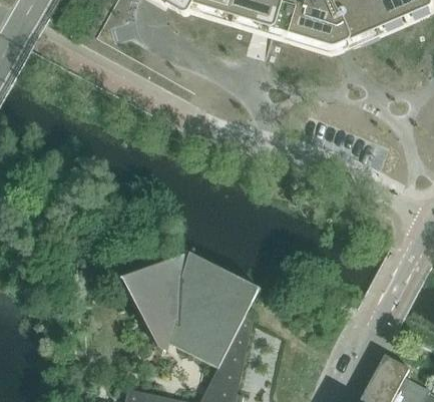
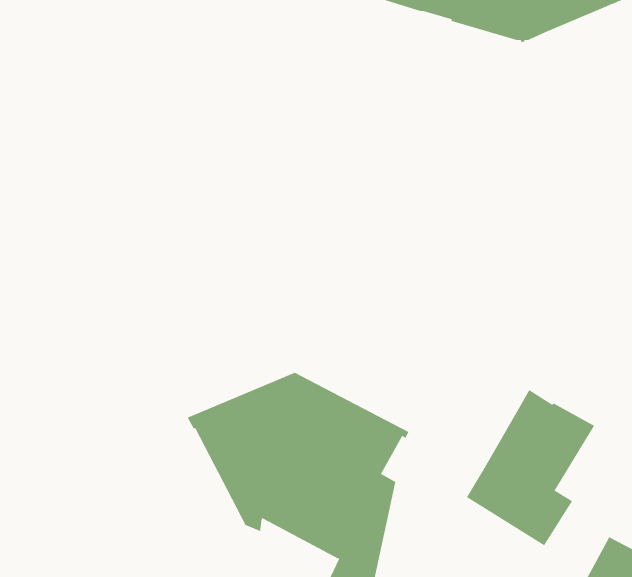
building: none -> [466,389,595,546]

